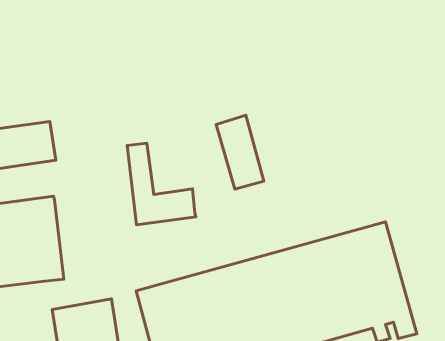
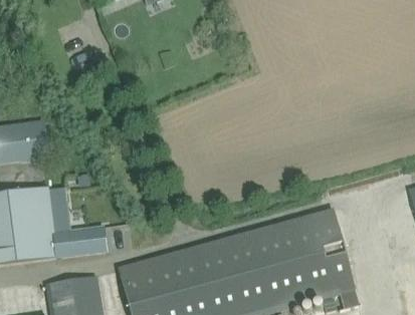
building: [216,115,264,189] -> none
building: [127,143,196,225] -> [48,187,108,257]

